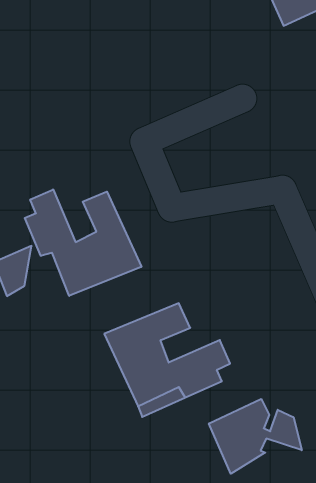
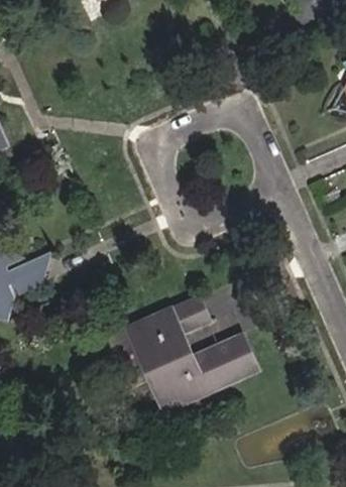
building: [25,189,141,296] -> none
building: [209,399,302,474] -> none

